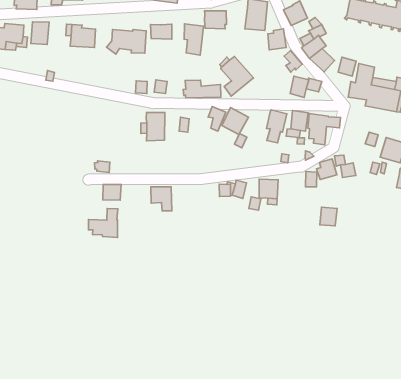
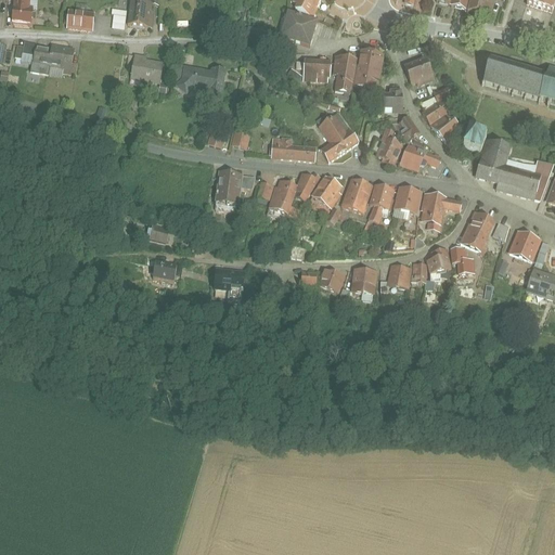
building: [31,22,49,45] -> none
building: [184,24,204,55] -> [332,47,358,88]
building: [151,24,172,39] -> none
building: none -> [375,126,403,166]
building: none -> [340,178,375,217]
building: none -> [269,180,302,217]
building: none -> [460,211,494,254]
building: [320,207,337,226] -> [387,266,411,291]
building: [88,208,118,237] -> none

